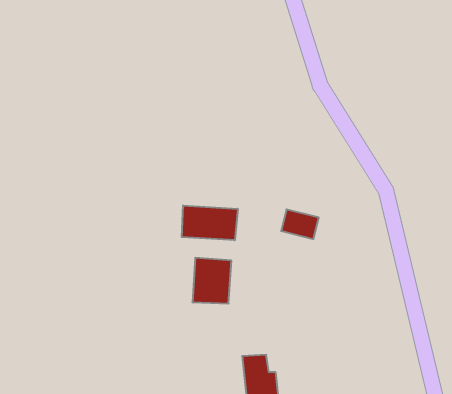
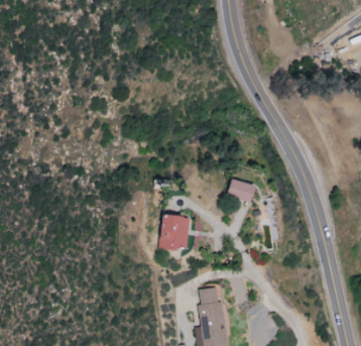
building: [182,205,238,240] -> none

